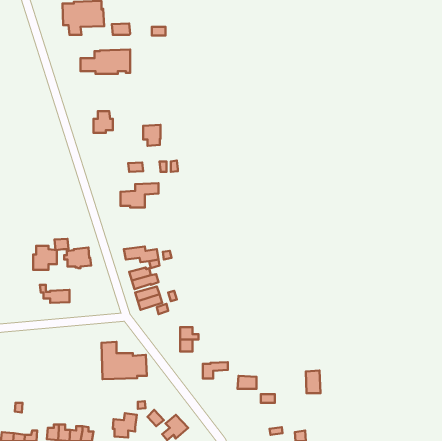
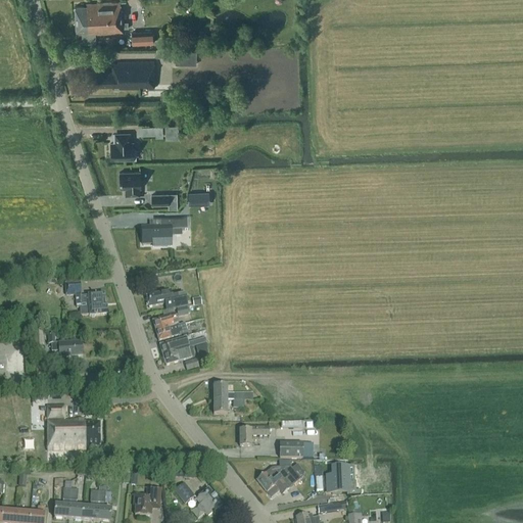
building: [143,125,161,146] -> [121,169,141,193]
building: [33,246,57,270] -> none
building: [102,342,147,379] -> [48,406,101,449]
building: [306,371,321,393] -> [331,465,348,491]
building: none -> [257,465,301,496]

